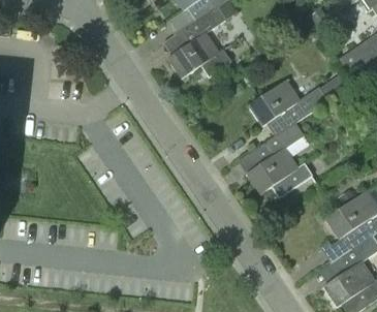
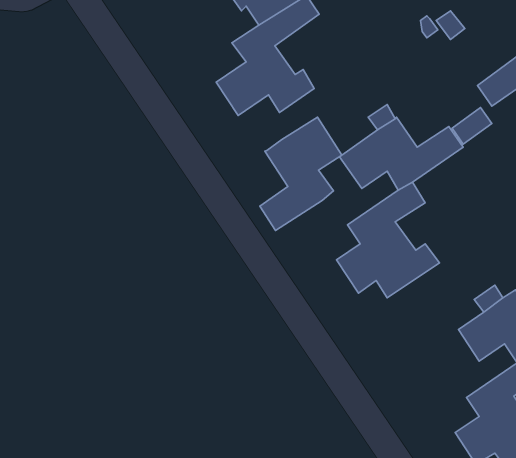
building: none -> [260,117,342,231]

